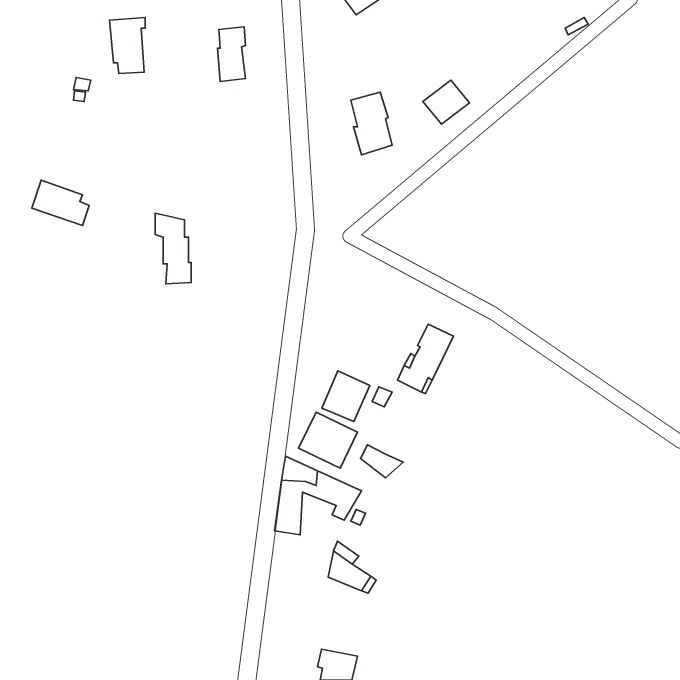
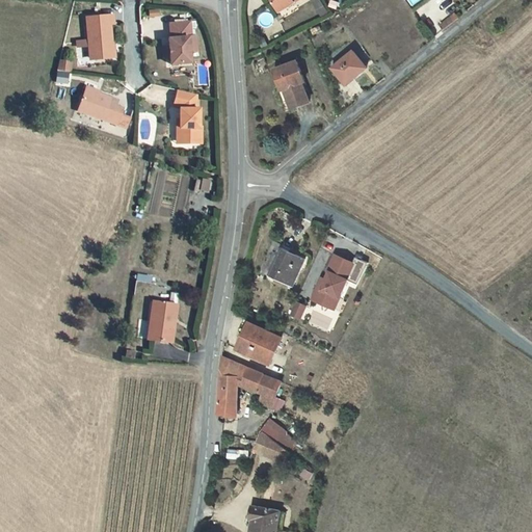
building: [32,180,89,226] -> [77,87,122,123]
building: [155,213,191,284] -> [174,88,202,143]
building: [322,371,370,422] -> [266,247,303,287]
building: none -> [150,298,177,340]
building: [361,445,403,478] -> none

